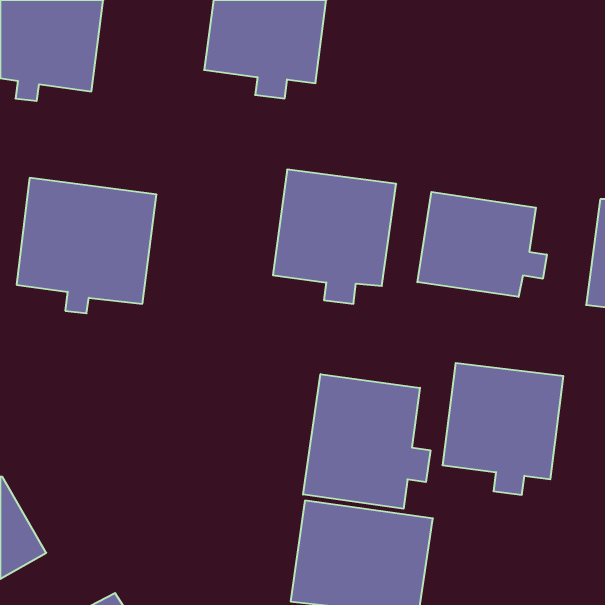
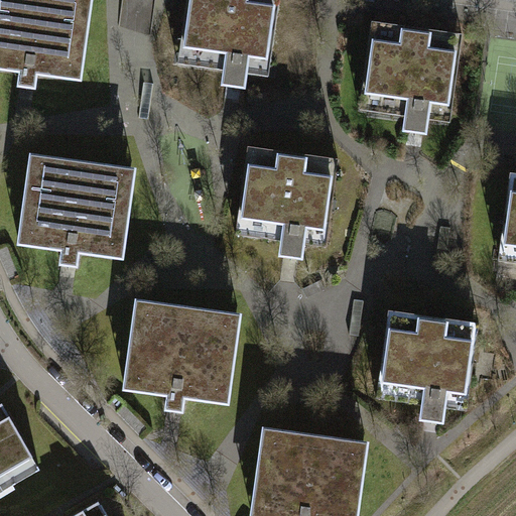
building: none -> [358,22,466,132]
building: [417,192,547,297] -> none
building: none -> [120,298,240,413]
building: [303,374,430,509] -> none

